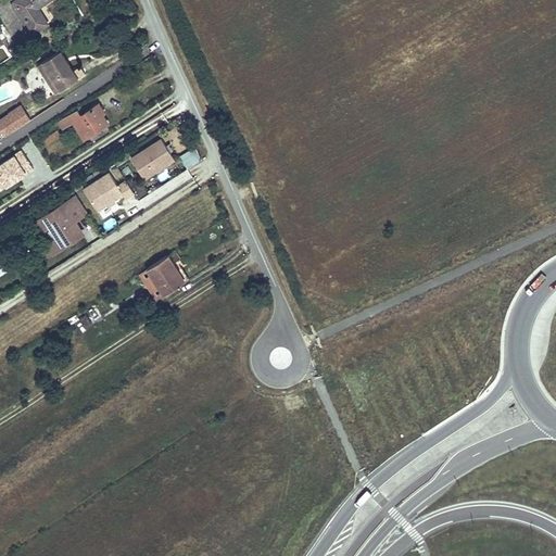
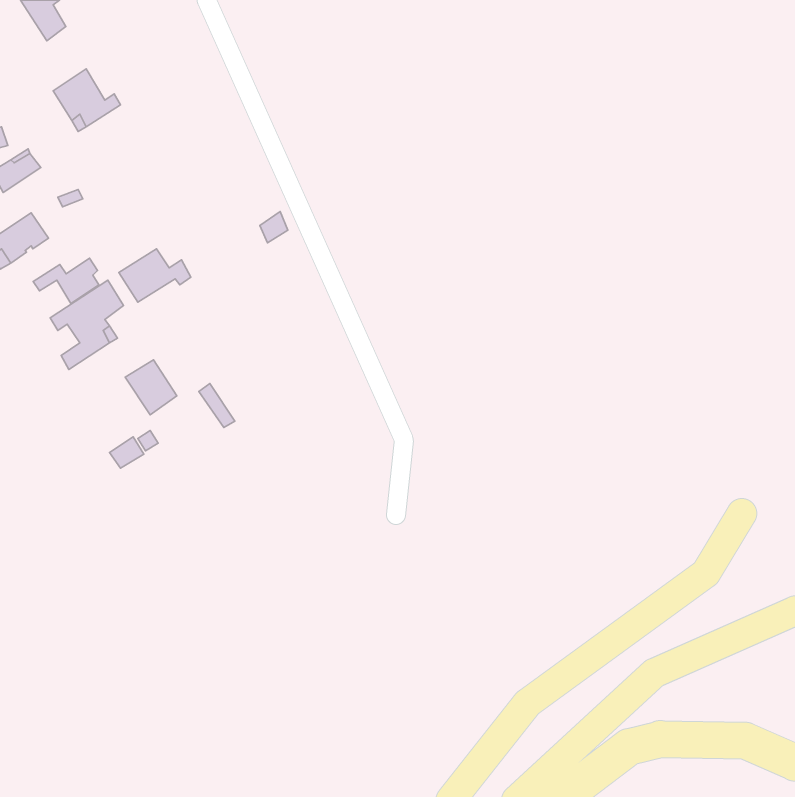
building: [59,106,104,138] -> [33,258,99,303]
building: [130,140,174,180] -> none
building: [146,256,181,294] -> [125,360,177,415]

